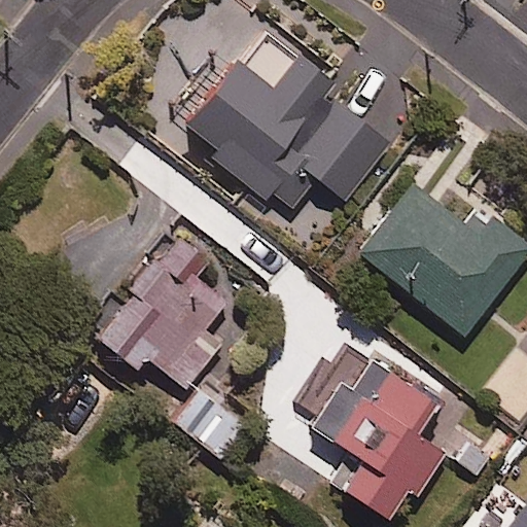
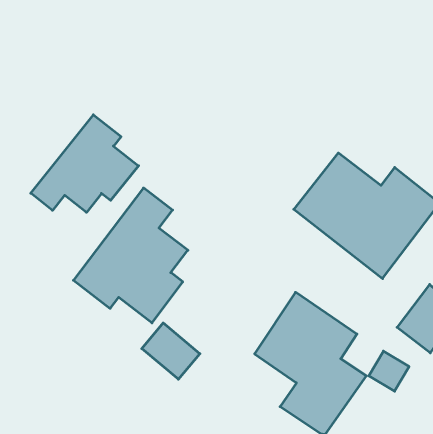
building: [181,27,391,215] -> none
building: none -> [31,115,139,212]

